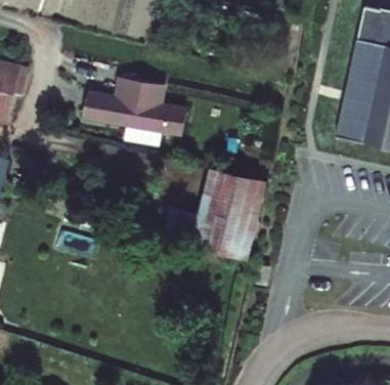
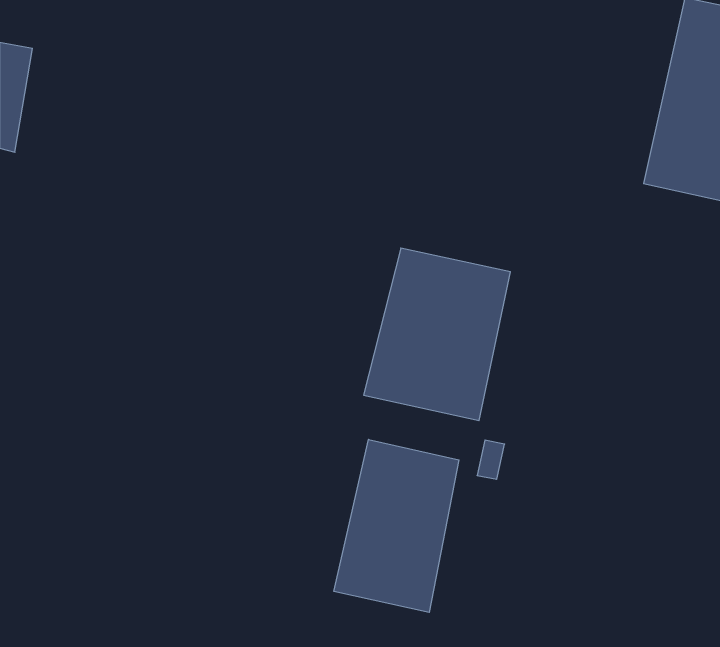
building: [84,78,186,136] -> none
building: none -> [334,439,459,612]

